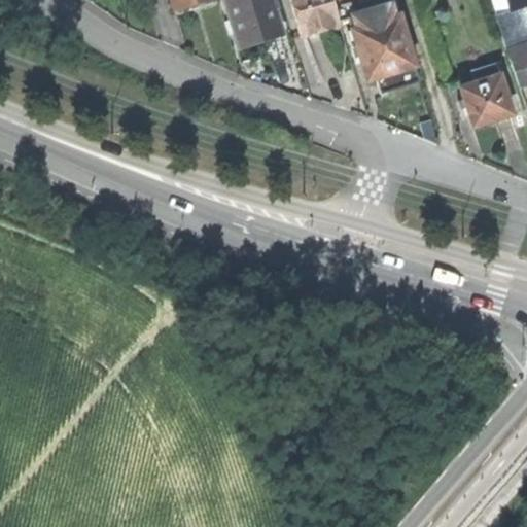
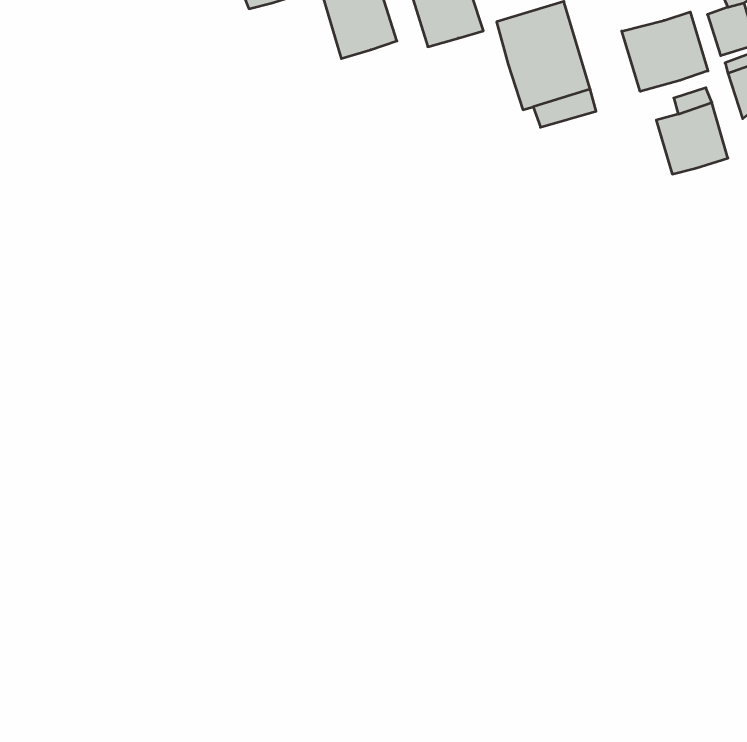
building: none -> [622,12,708,91]

